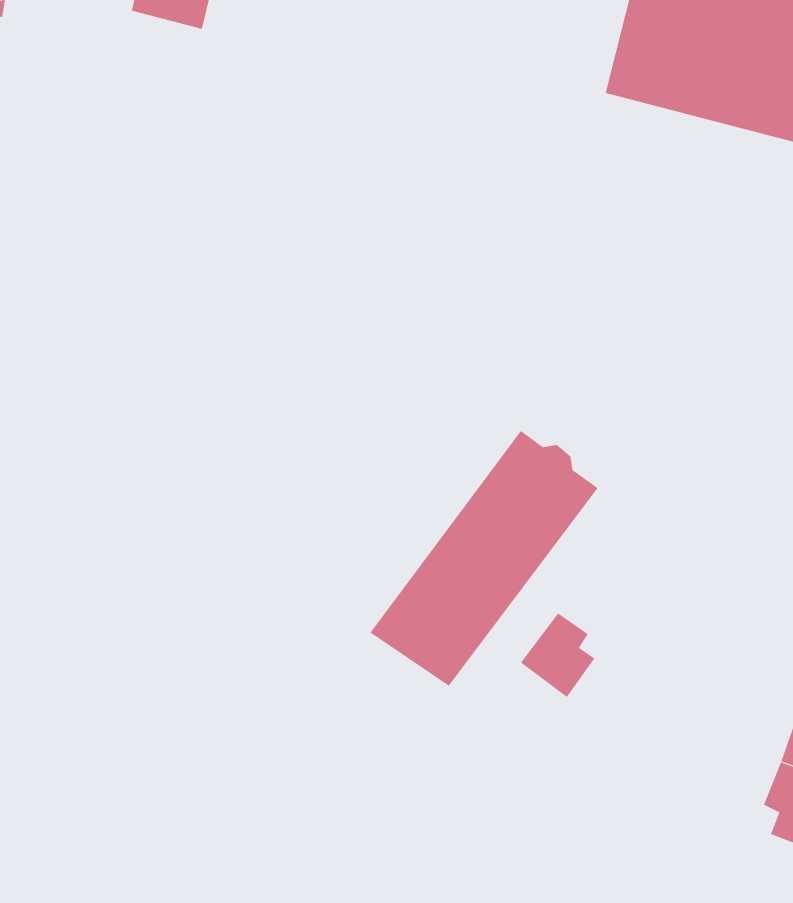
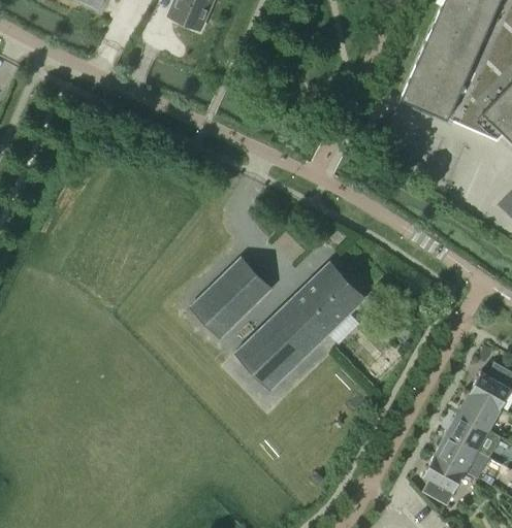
building: none -> [191,258,271,337]
building: [520,613,595,698] -> none

